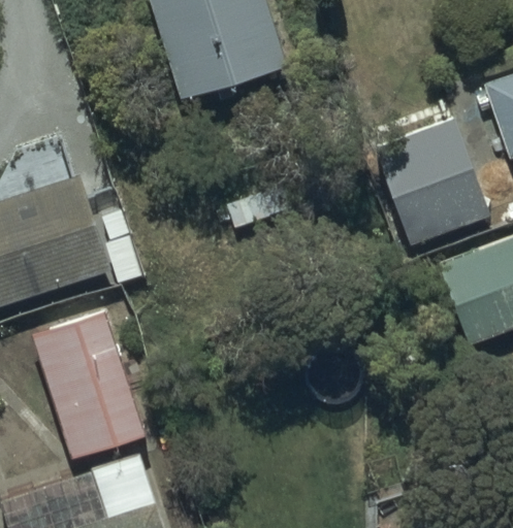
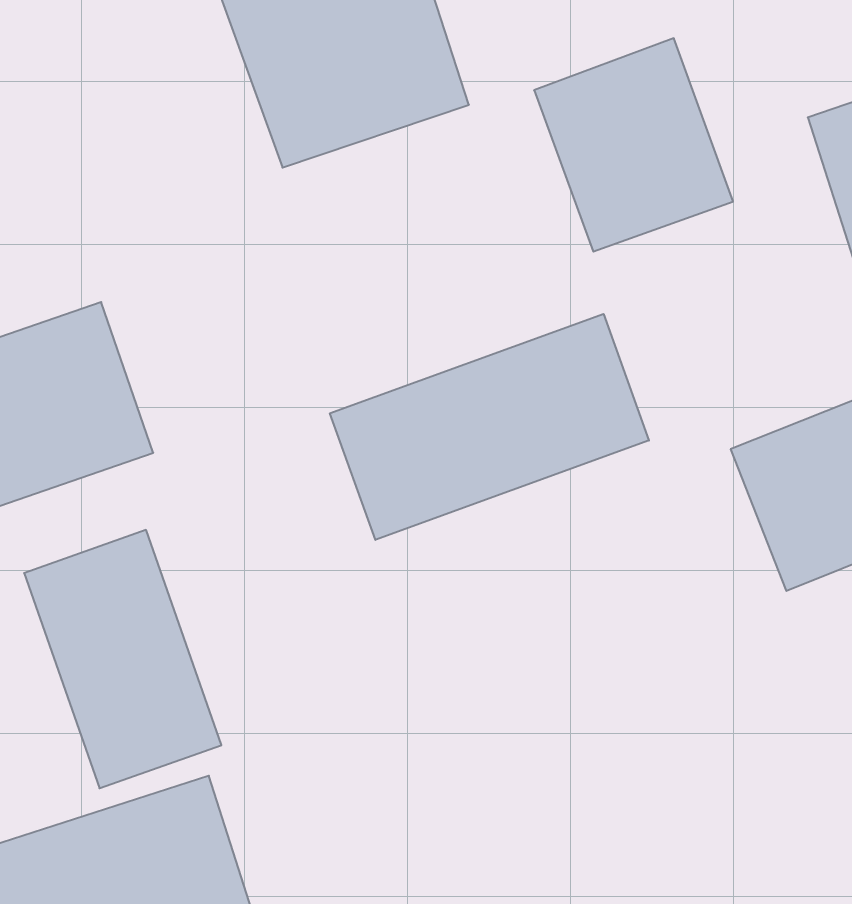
building: [377,123,491,245] -> [534,38,733,252]
building: none -> [330,314,649,540]

